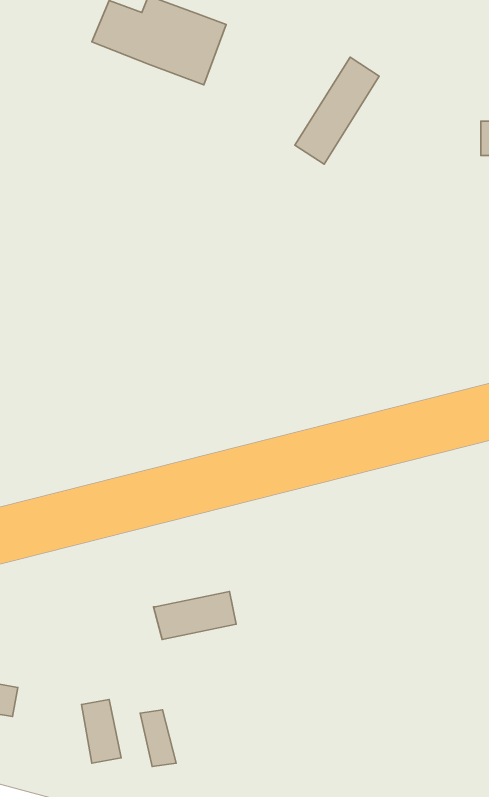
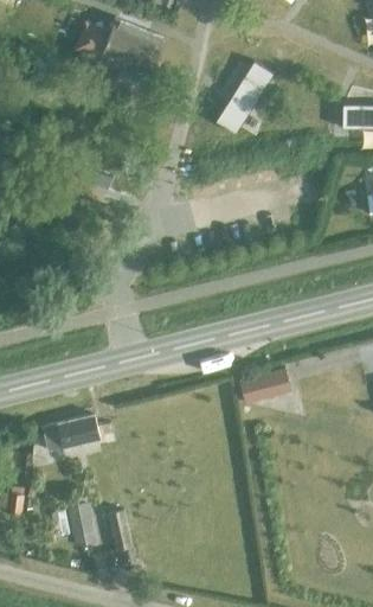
building: none -> [239,371,290,404]
building: [154,591,236,640] -> [41,417,98,451]

